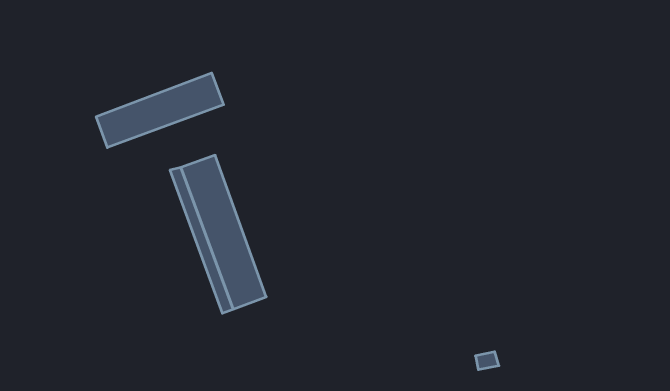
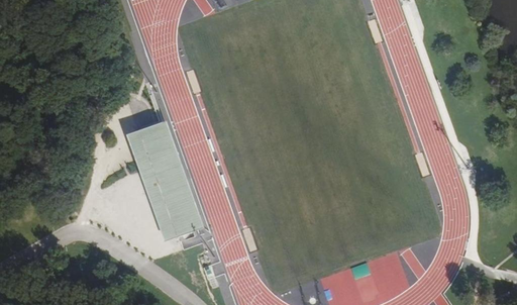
building: [96,73,224,148] -> none

